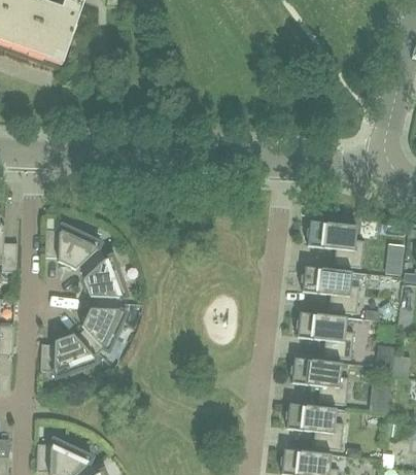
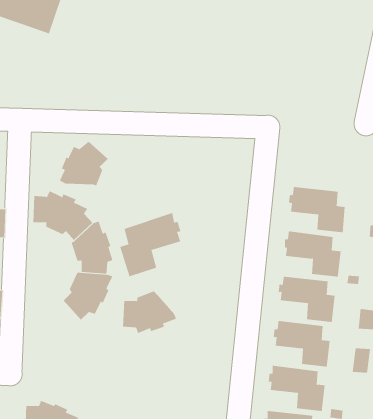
building: none -> [59,141,108,186]
building: none -> [119,212,181,277]
building: [40,333,96,377] -> [122,291,177,334]

